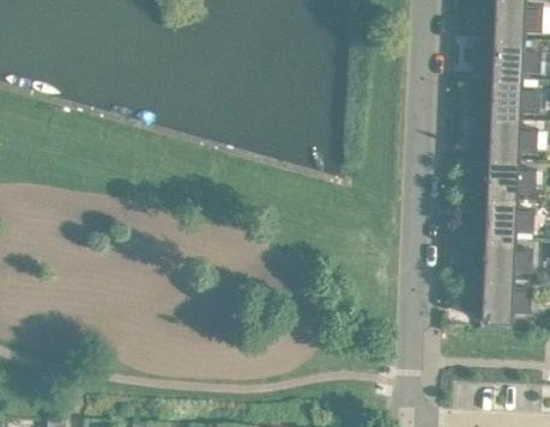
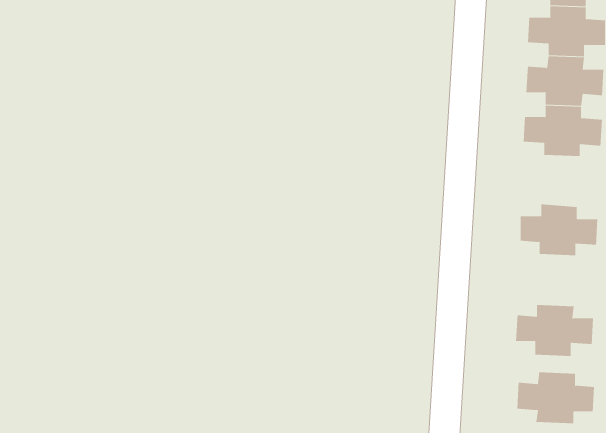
building: [472,160,536,202] -> none
building: [469,240,532,282] -> [516,372,595,424]

